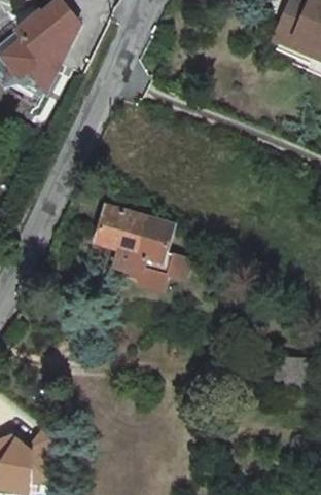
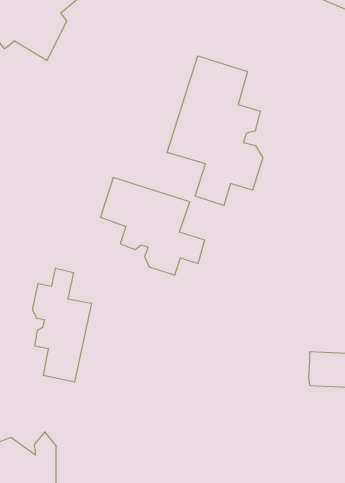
building: none -> [167,56,263,206]
building: none -> [32,268,92,382]

